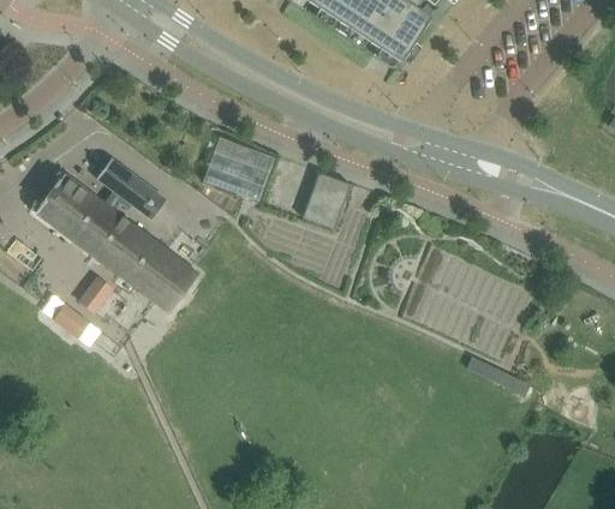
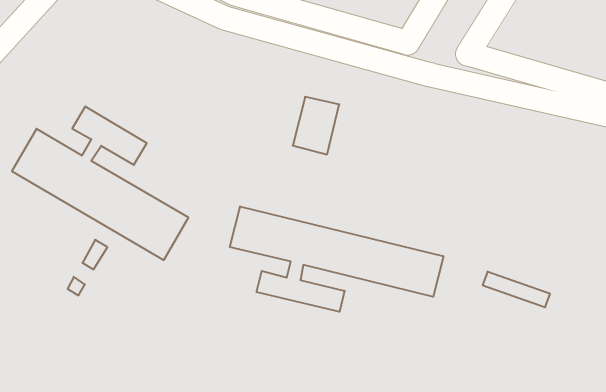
building: [204,136,276,200] -> none
building: none -> [230,206,443,312]

